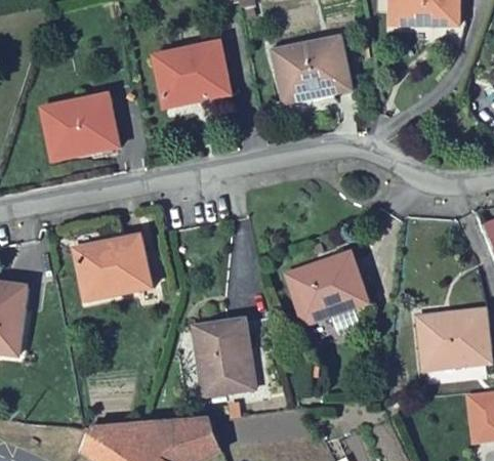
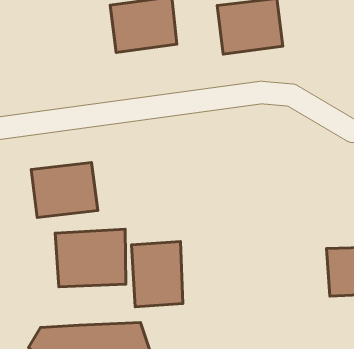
building: [39,93,119,159] -> none
building: [284,251,369,324] -> none
building: none -> [55,229,126,287]

